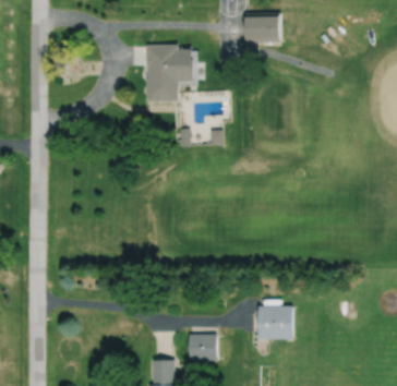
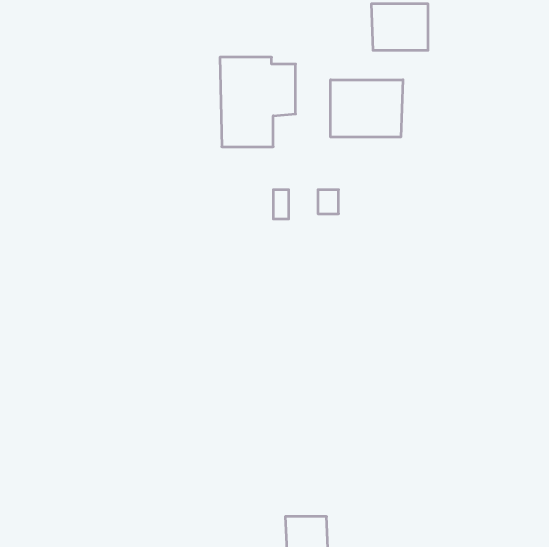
building: none -> [331,80,403,137]
building: [255,304,291,338] -> none

